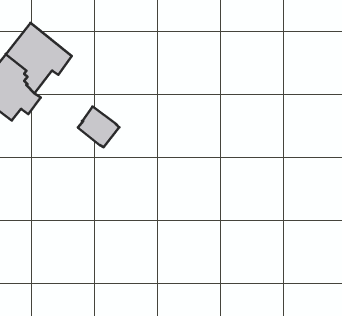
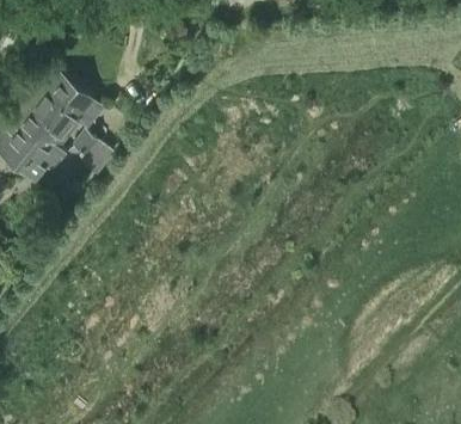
building: [78,107,119,147] -> [67,130,115,177]

